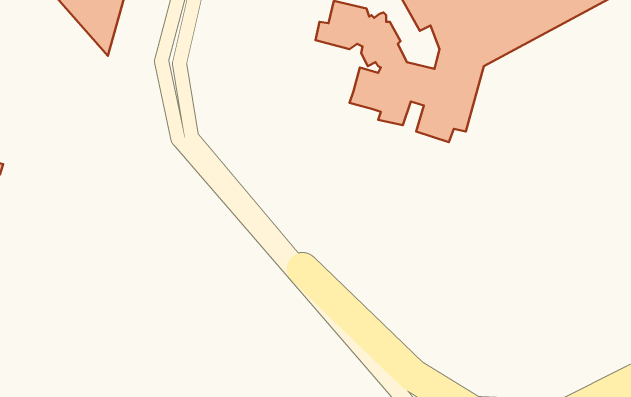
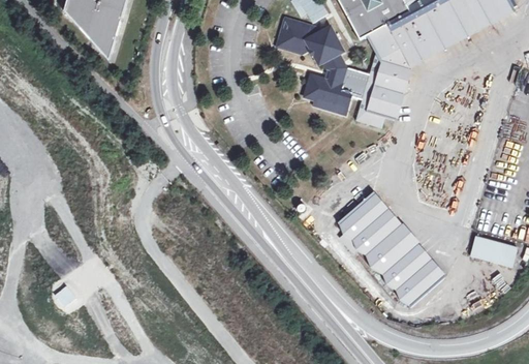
building: none -> [338,189,444,303]
building: none -> [468,237,517,269]

